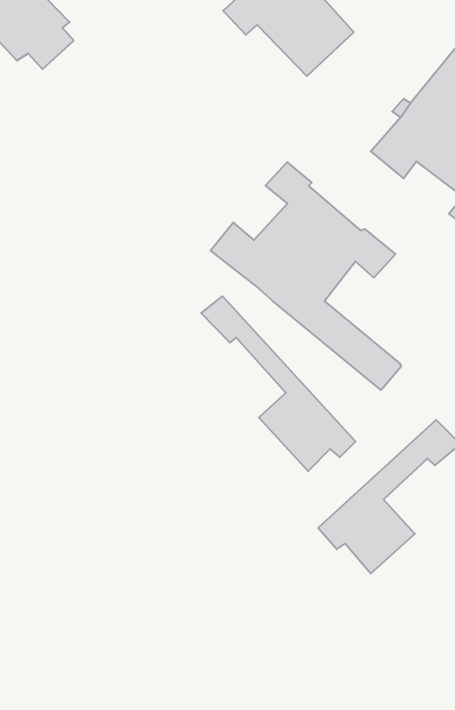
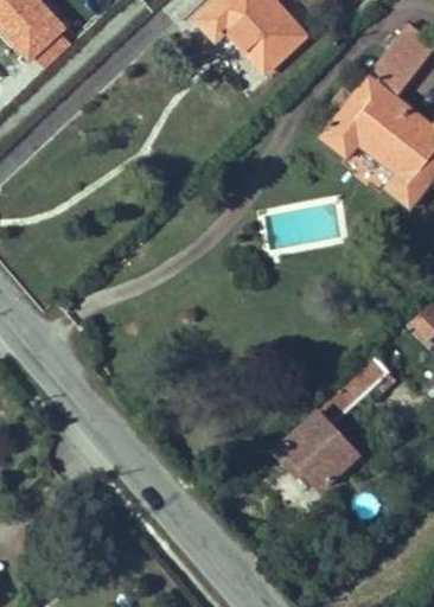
building: [211,162,401,390] -> none
building: [201,296,356,471] -> none

